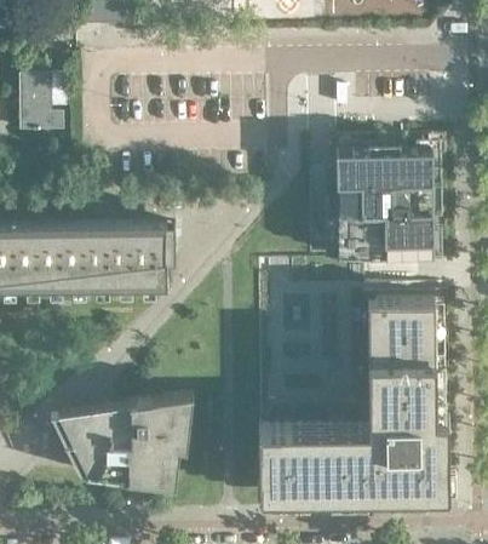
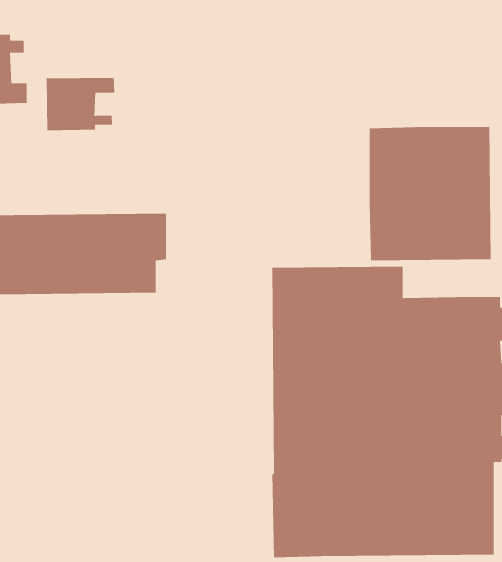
building: none -> [46,77,115,131]
building: [53,399,193,491] -> none

